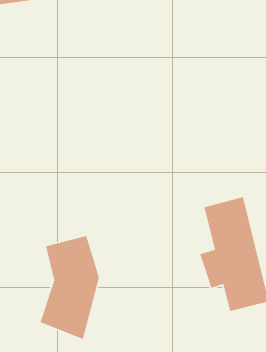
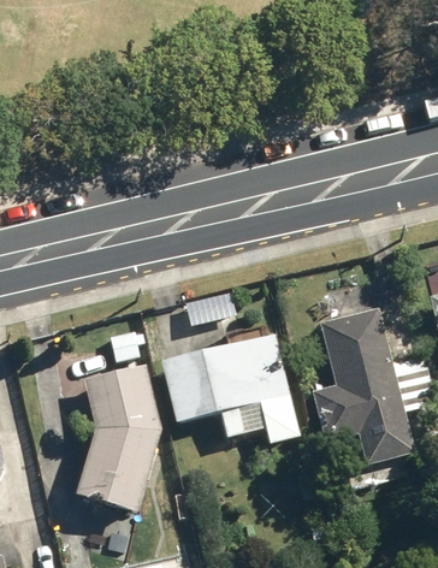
building: none -> [166,329,297,443]

